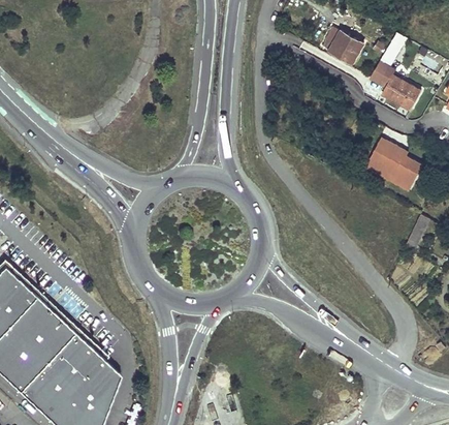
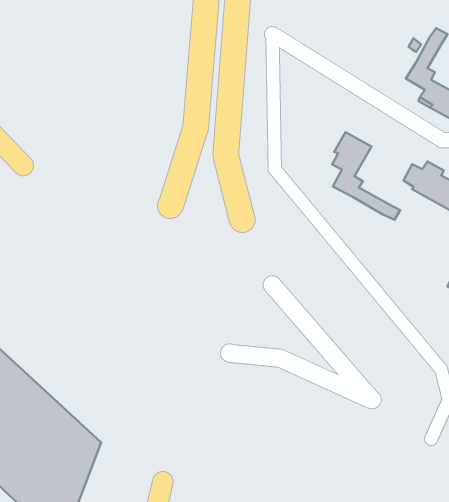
building: [322,27,362,63] -> none
building: none -> [332,132,400,220]

